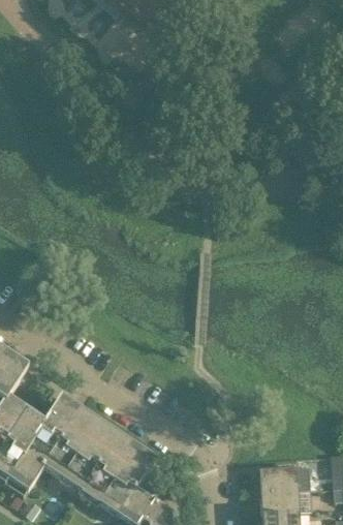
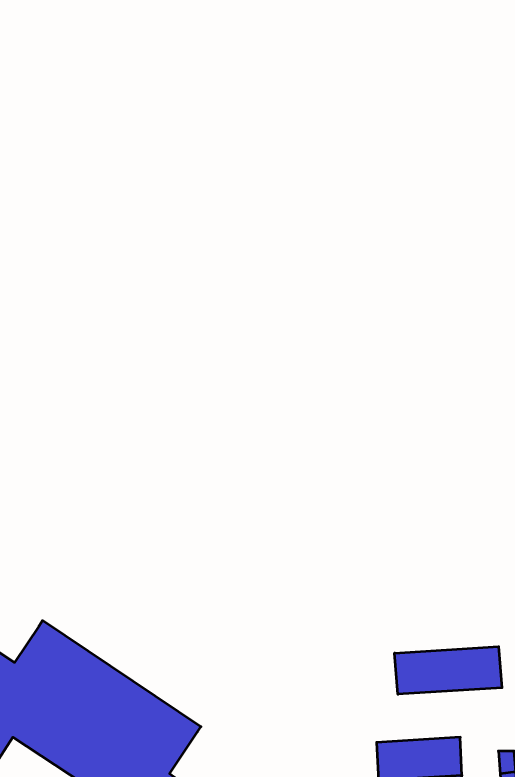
building: none -> [395,647,502,694]

